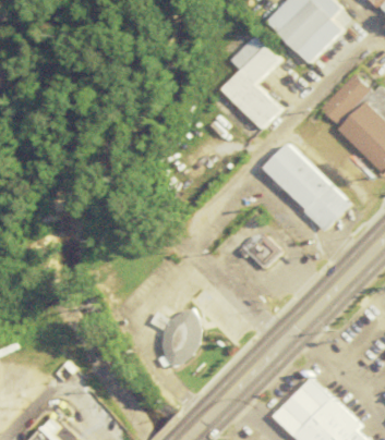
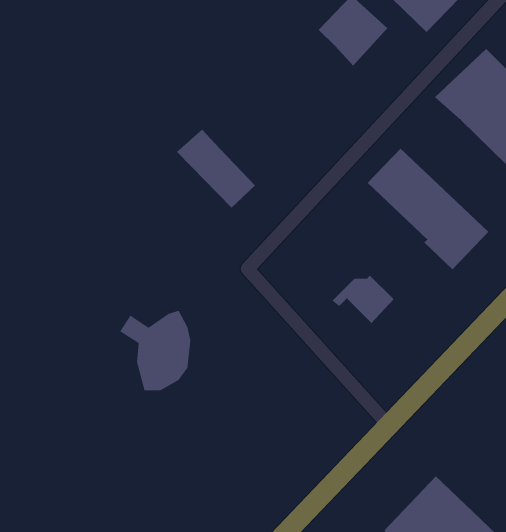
building: [221,72,278,129] -> [176,129,256,208]
building: [151,307,202,365] -> [119,310,191,391]

